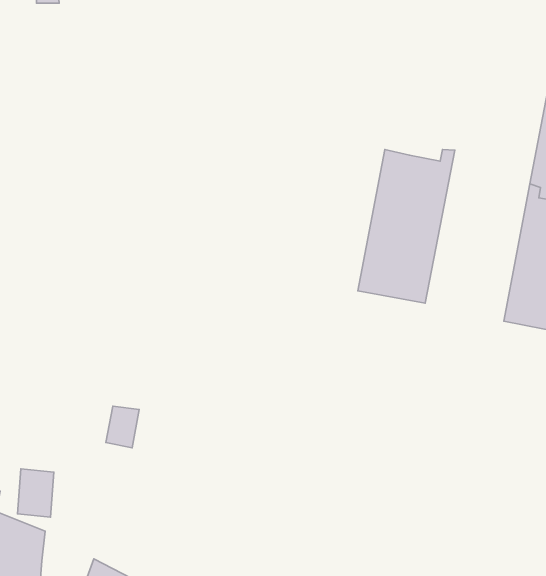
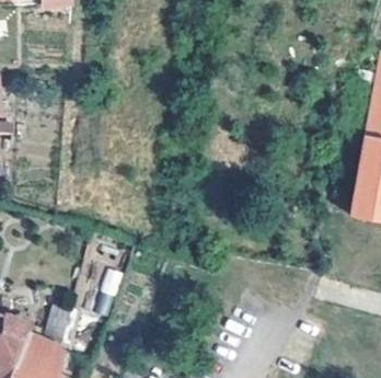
building: [358,149,455,303] -> none

